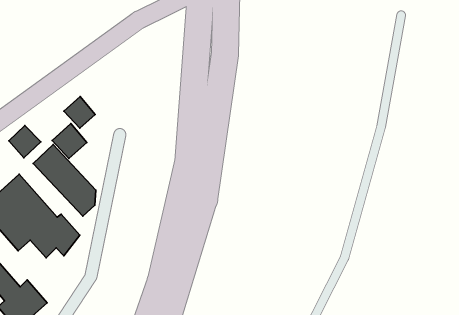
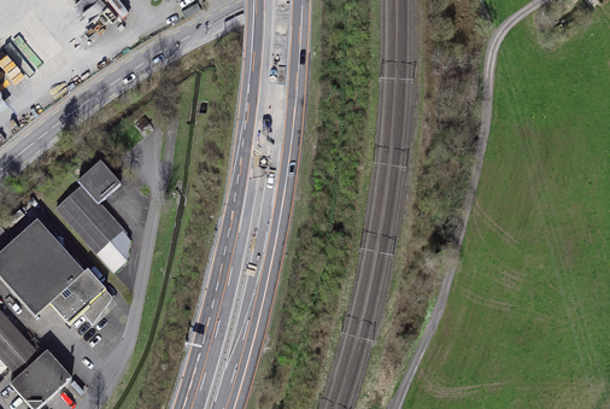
building: [64,97,95,128] -> none
building: [9,126,41,158] -> none

